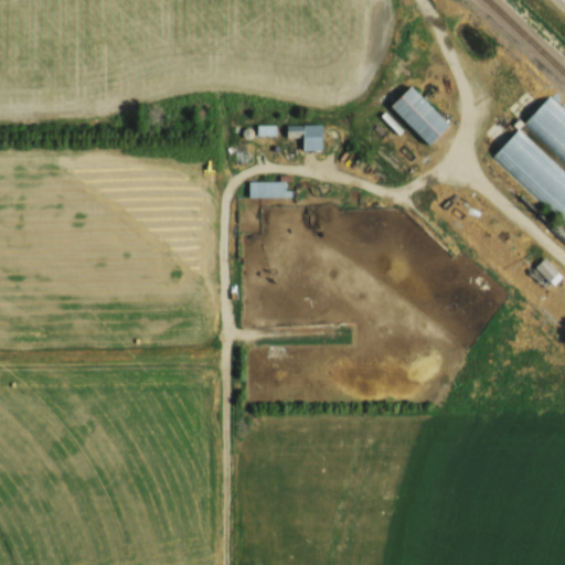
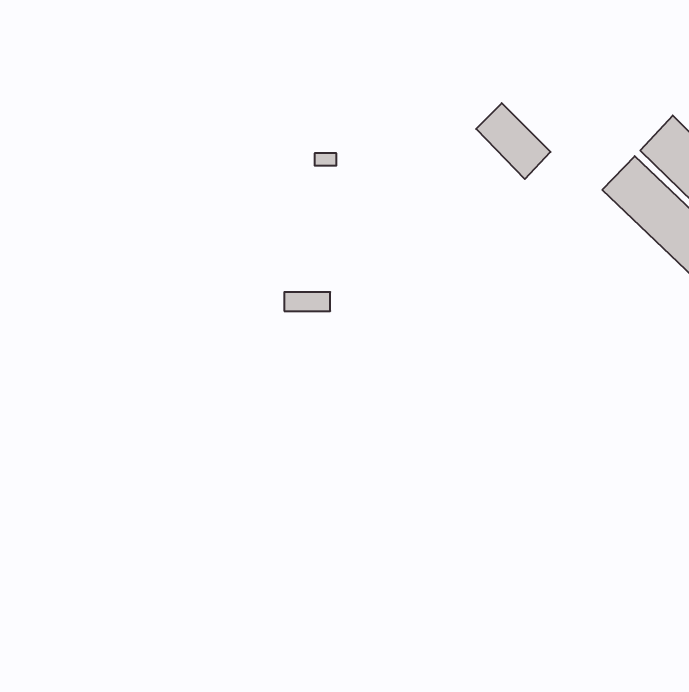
building: [287,125,323,151] -> none
building: [250,182,288,198] -> [284,292,330,311]

